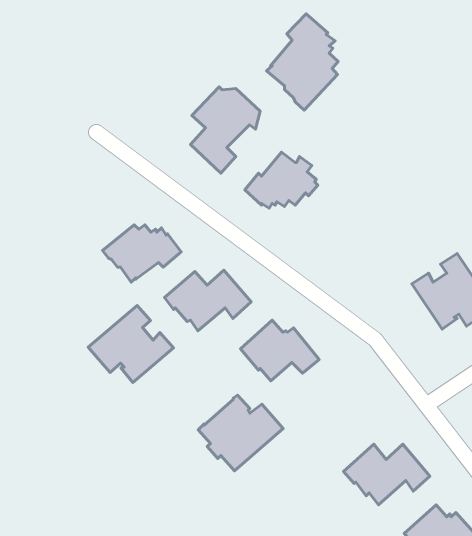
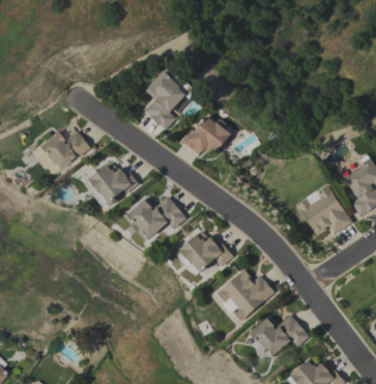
building: [266,14,338,110] -> none
building: none -> [36,130,90,170]
building: [88,305,173,382] -> none
building: [198,395,283,471] -> [216,269,274,321]

